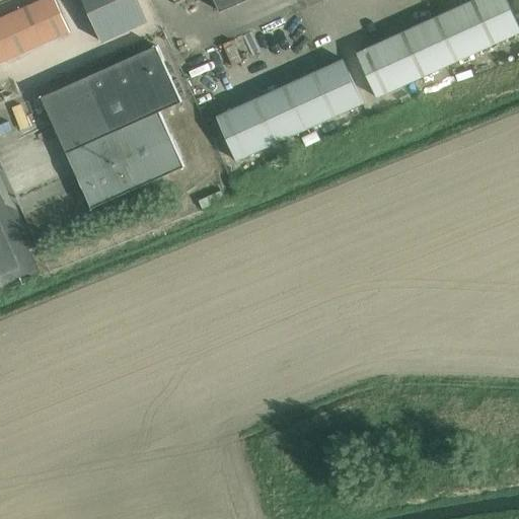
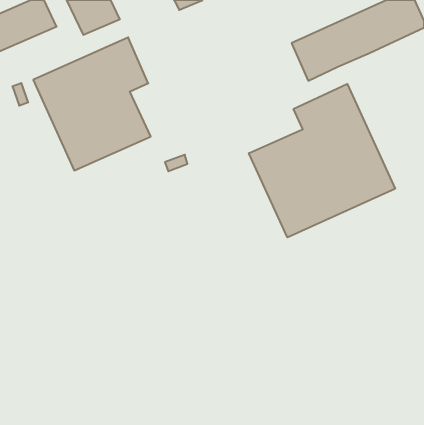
building: [214,59,362,161] -> none
building: none -> [249,84,395,237]

